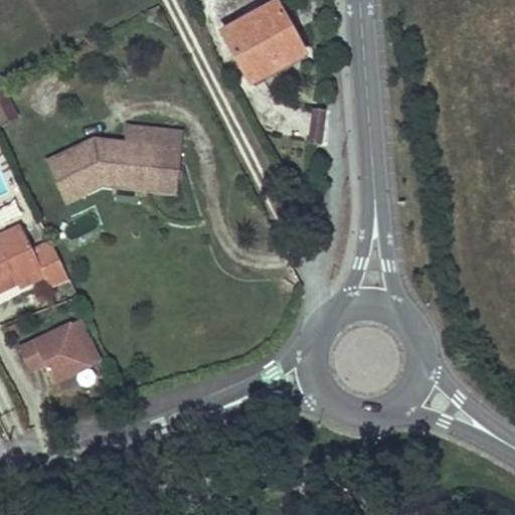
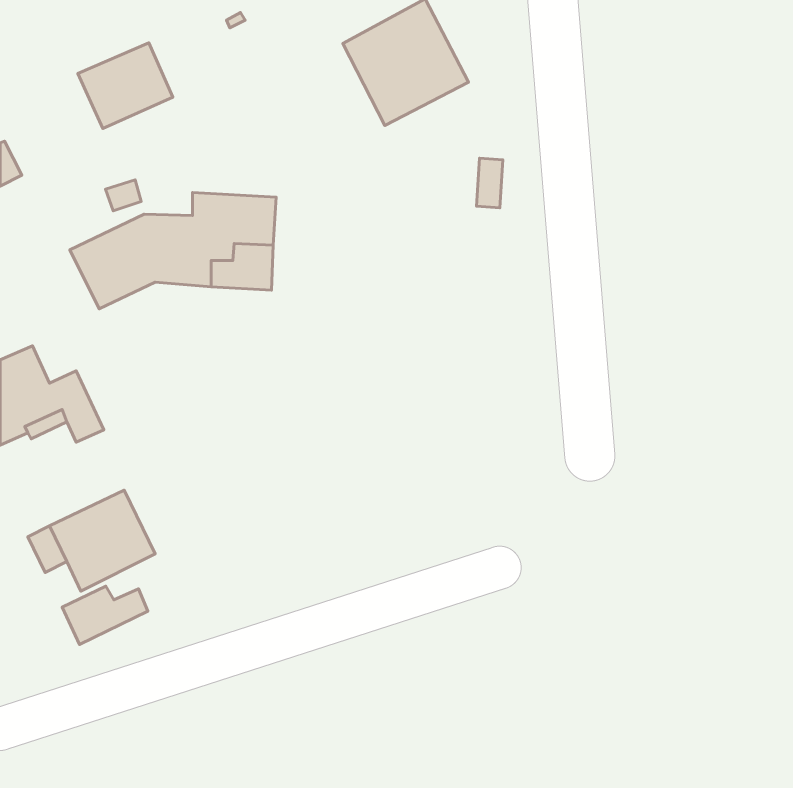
building: none -> [78,43,173,129]
building: none -> [62,586,148,645]

